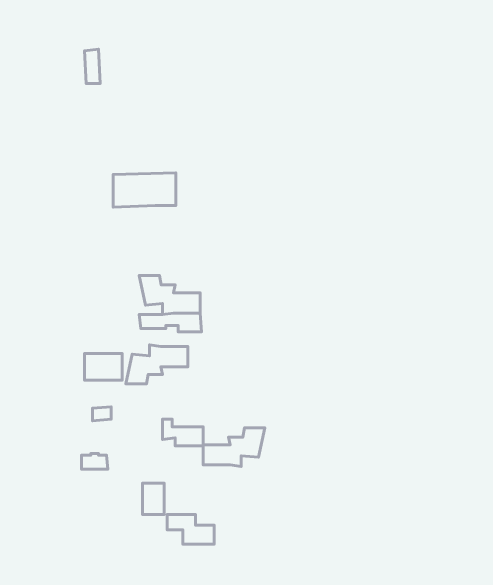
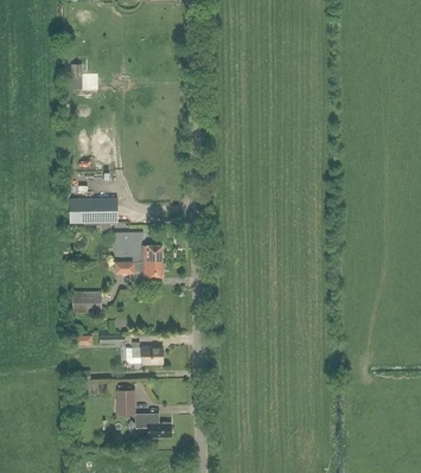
building: [113,173,176,207] -> [69,196,116,222]
building: [126,345,188,384] -> none
building: [203,428,265,467] -> none

